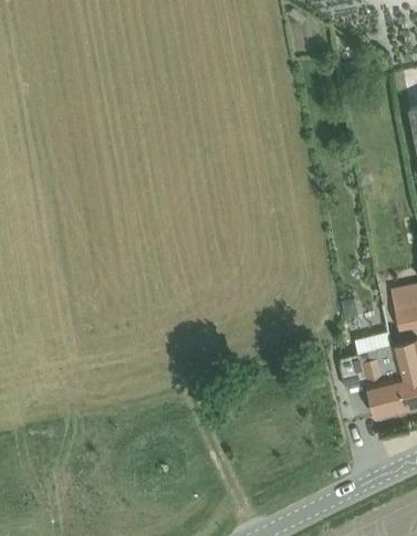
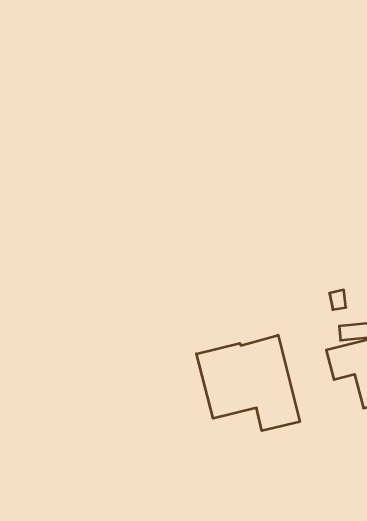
building: none -> [196,335,300,431]

